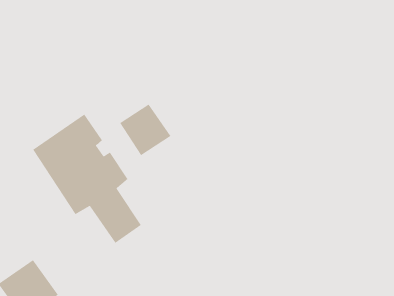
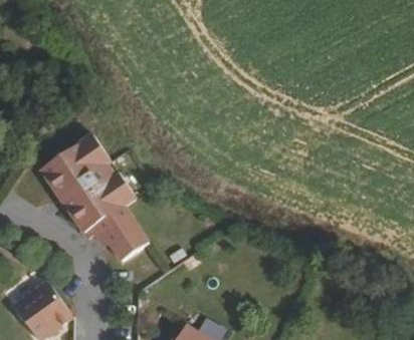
building: [119,103,171,156] -> none

